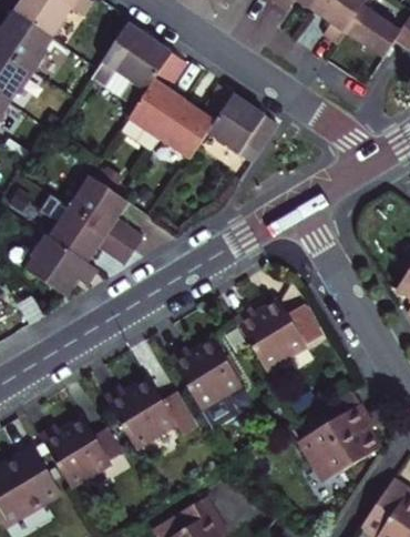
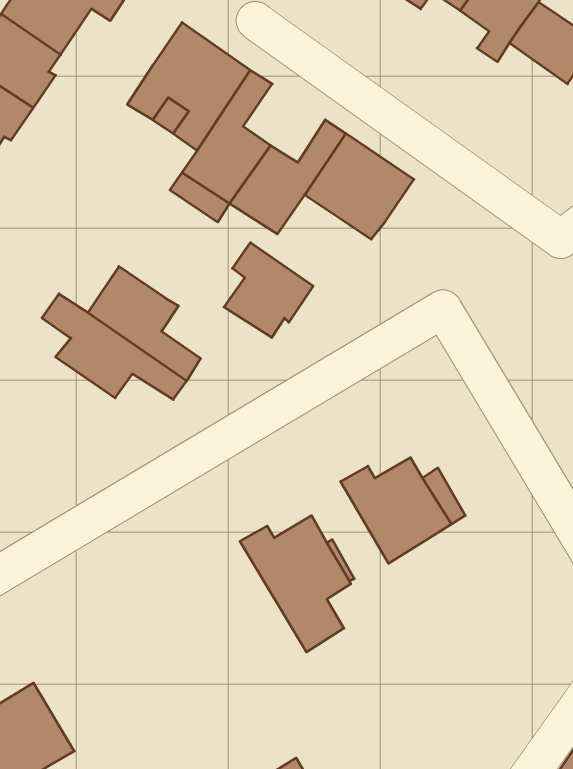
building: none -> [224,243,313,338]
building: [28,233,100,295] -> none
building: [103,377,195,447] -> none
building: [297,398,378,477] -> none
building: [39,417,122,486] -> none

